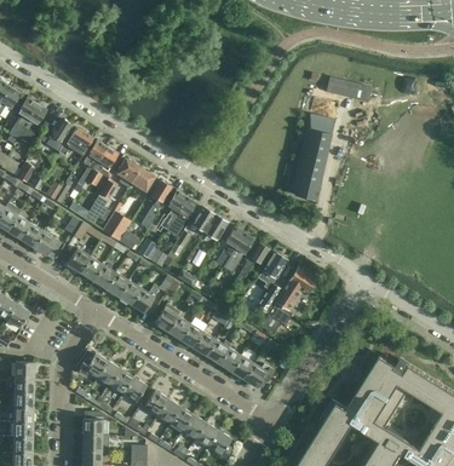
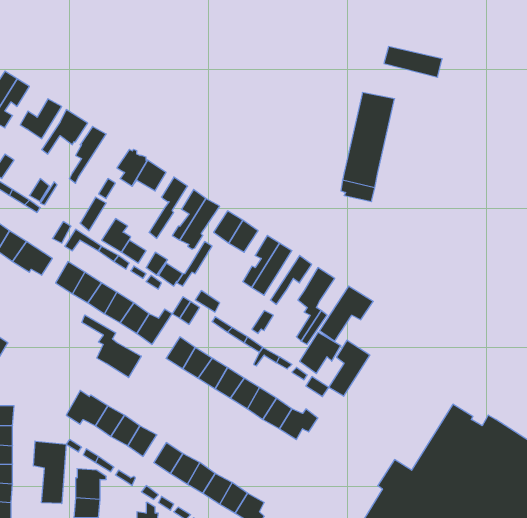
building: [85,148,119,188] -> none
building: none -> [82,315,141,378]
building: none -> [329,340,370,396]
building: none -> [33,441,66,504]

